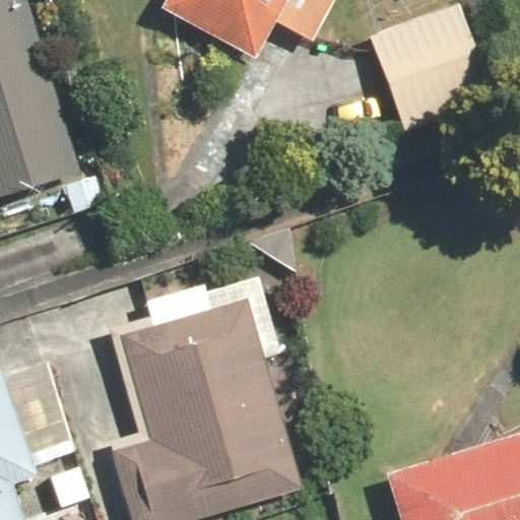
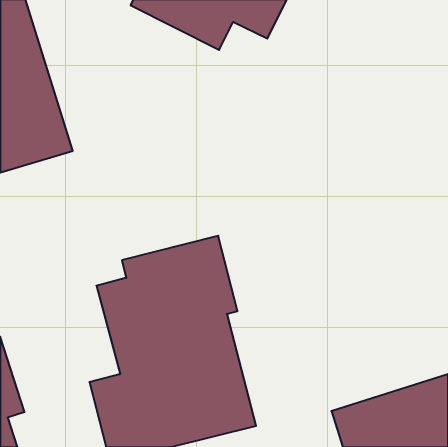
building: [367,9,486,133] -> none

